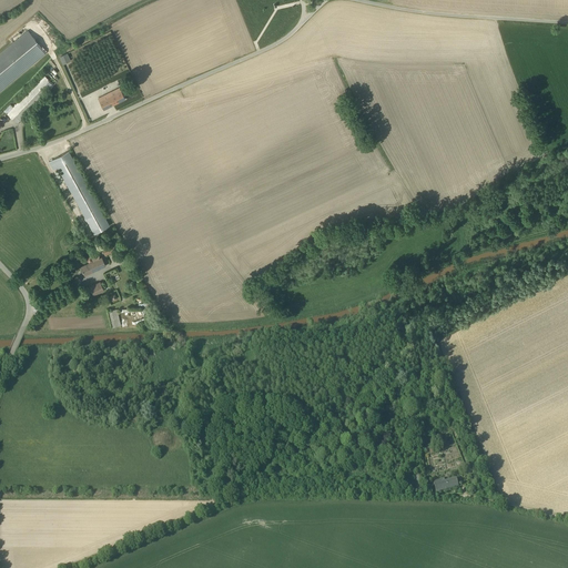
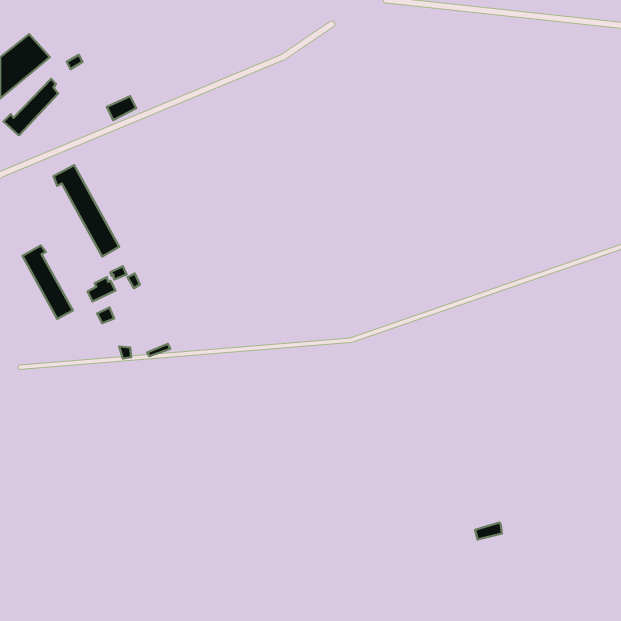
building: none -> [23,245,73,319]

